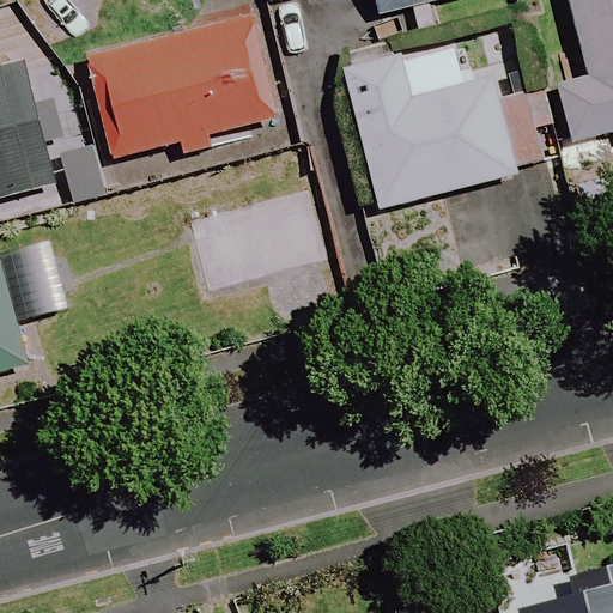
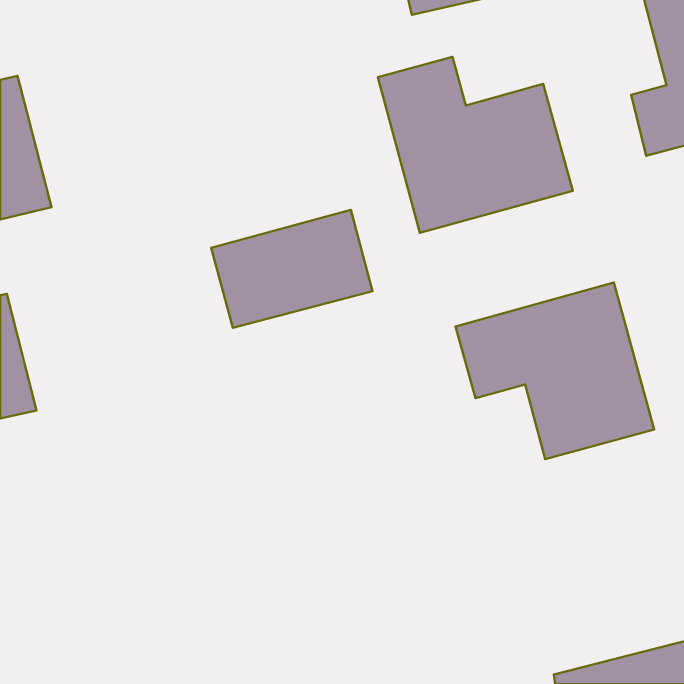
building: [86,16,278,160] -> none
building: none -> [456,282,654,459]

